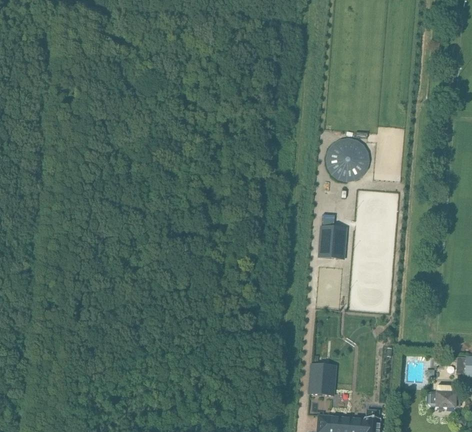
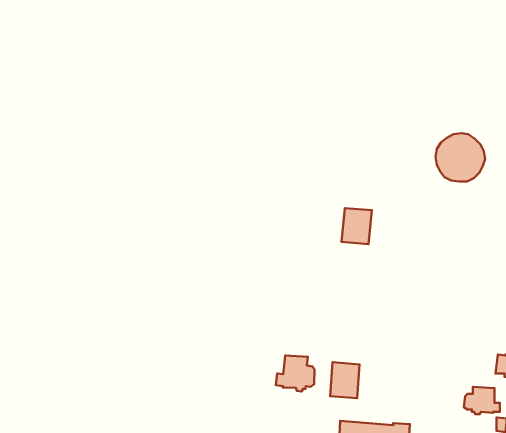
building: [326,138,370,181] -> [436,133,485,182]
building: none -> [276,355,315,391]

